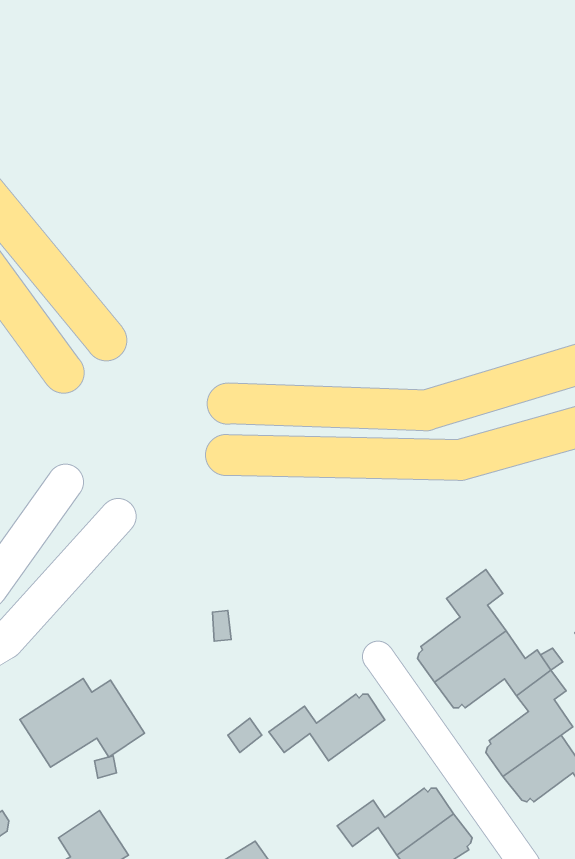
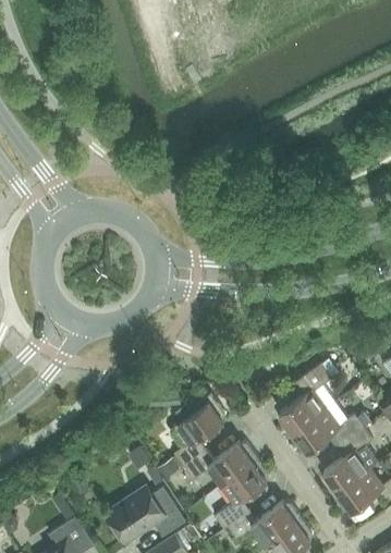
building: none -> [170,394,225,467]
building: [20,678,145,767] -> [106,487,185,543]
building: none -> [213,459,269,529]

